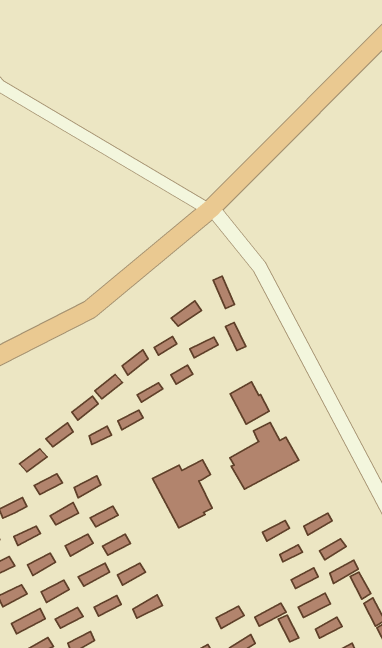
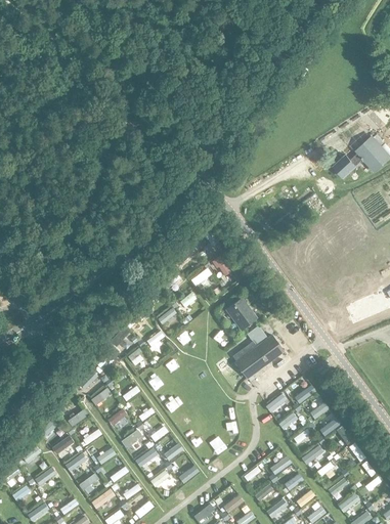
building: [152,460,212,528] -> none

